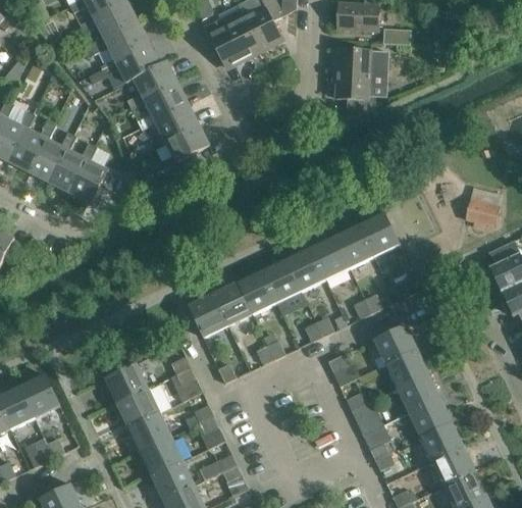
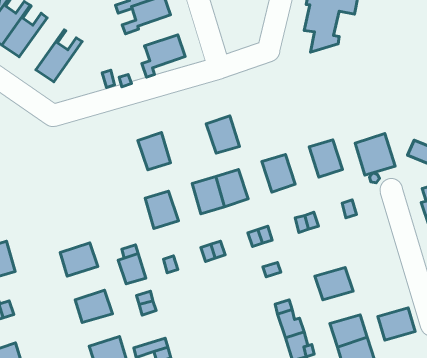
building: [147,102,199,150] -> none
building: [30,124,74,183] -> none
building: [71,145,109,204] -> none
building: none -> [355,133,395,175]
building: [334,223,374,266] -> none
building: [285,247,325,290] -> [206,116,240,153]
building: [213,282,252,324] -> [138,132,170,170]
building: [374,324,417,363] -> none
building: [398,373,440,412] -> [378,308,415,340]
building: [116,387,159,426] -> none
building: [140,436,182,474] -> none

